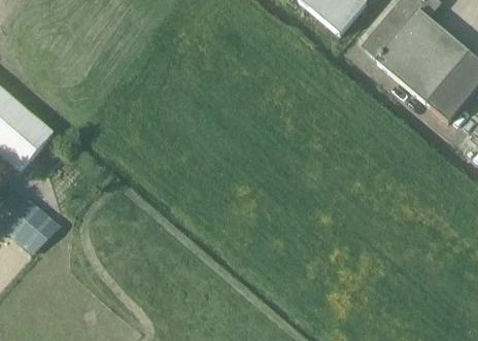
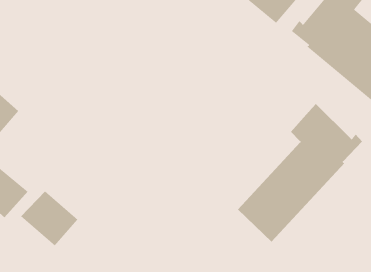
building: none -> [237,103,363,242]
building: none -> [20,191,79,247]

